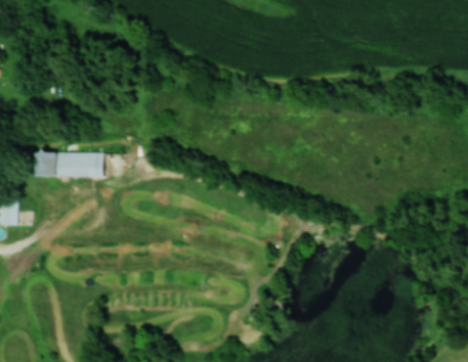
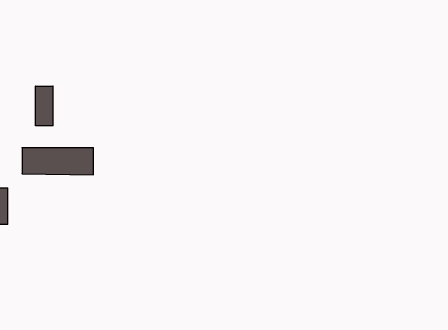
building: none -> [36,86,53,126]

